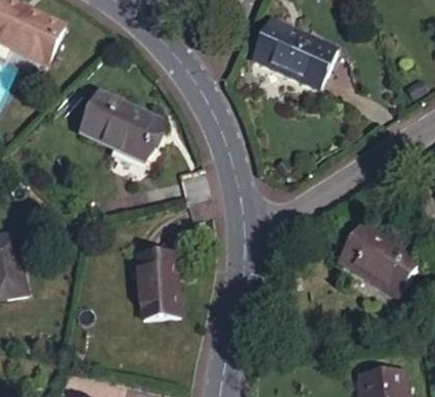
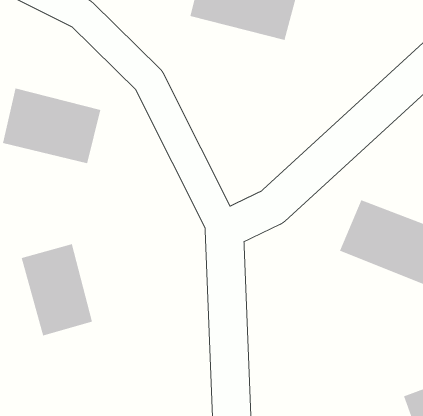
building: [135,249,182,316] -> [21,243,93,336]

